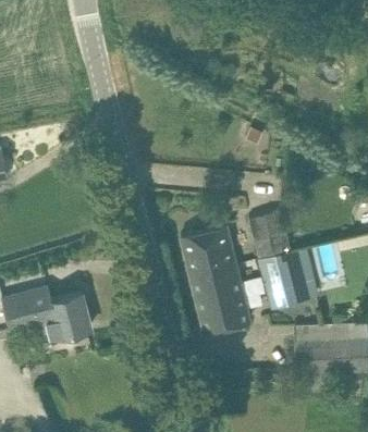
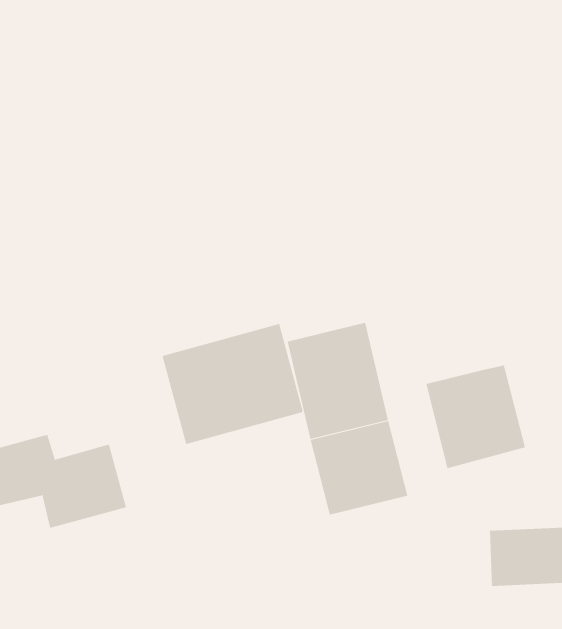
building: [248,210,290,258] -> none
building: none -> [162,323,303,445]

